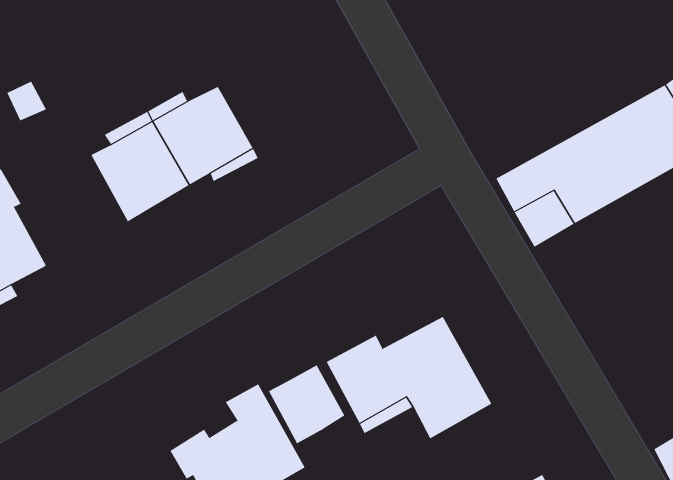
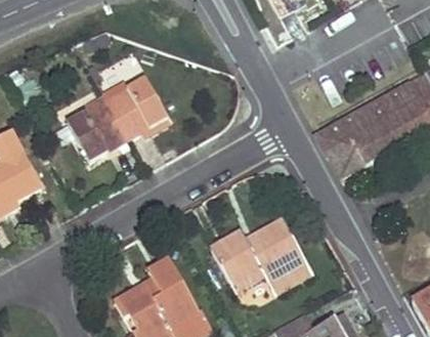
building: [268,365,345,444] -> none

